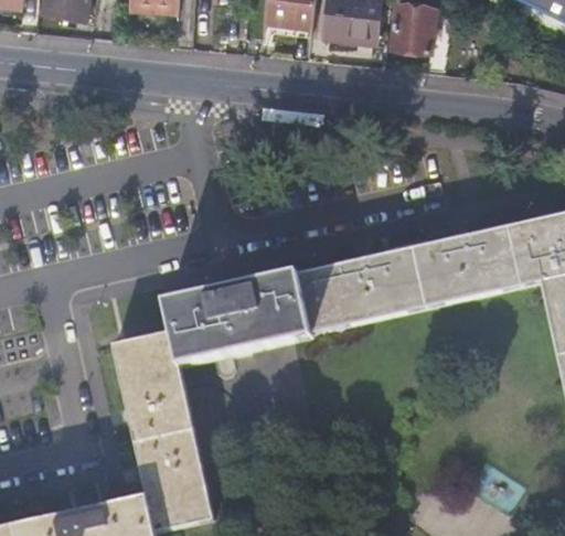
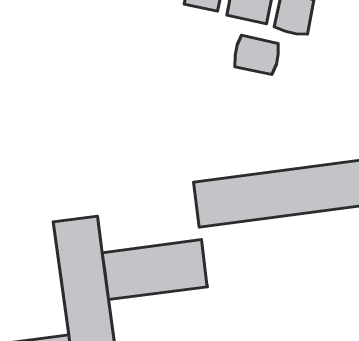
building: none -> [235,35,278,75]
building: [163,271,311,365] -> [102,239,207,300]

